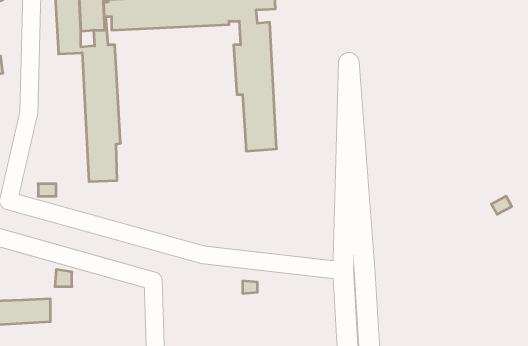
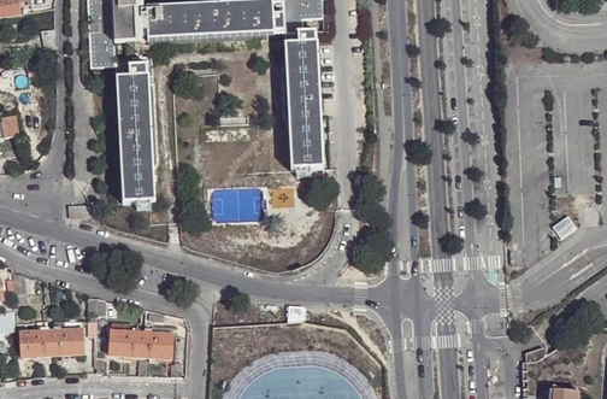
building: none -> [108,329,171,356]

